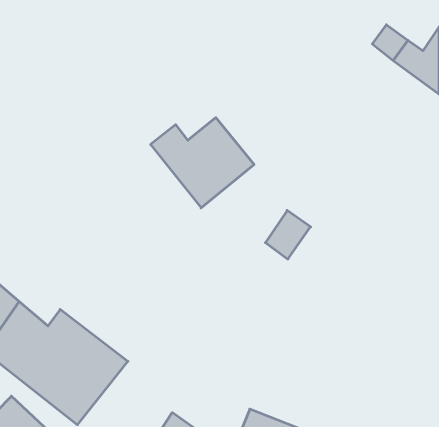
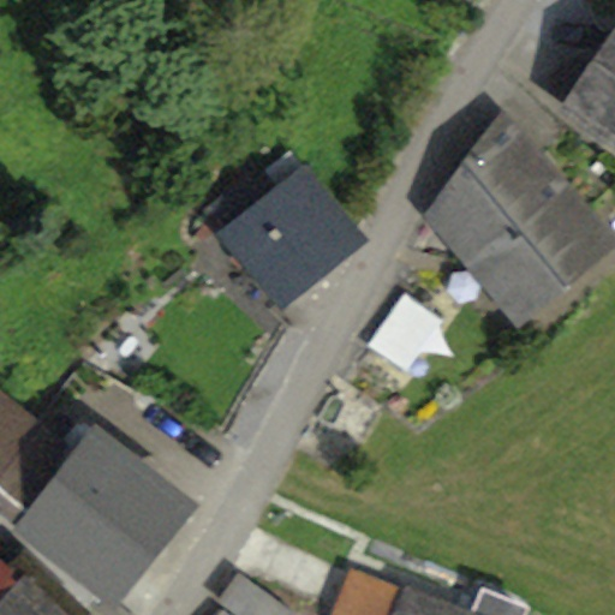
building: none -> [429,119,599,321]

